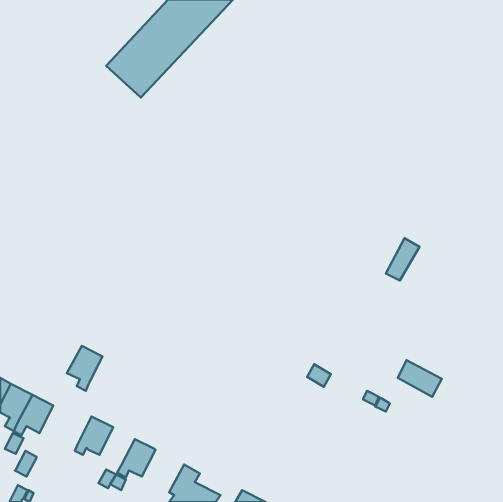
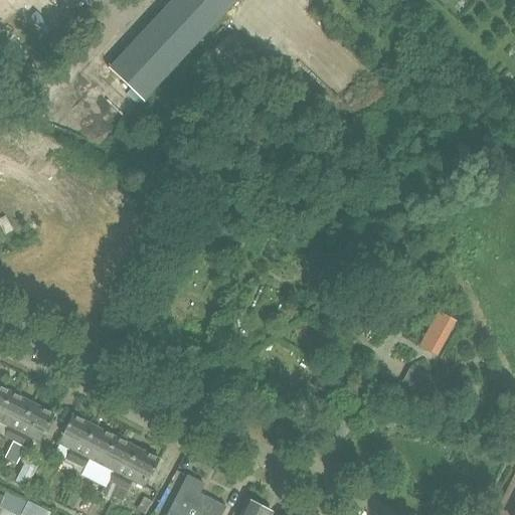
building: [386,238,419,280] -> [420,311,455,354]
building: [67,346,102,391] -> [57,414,94,461]
building: none -> [102,437,138,483]

